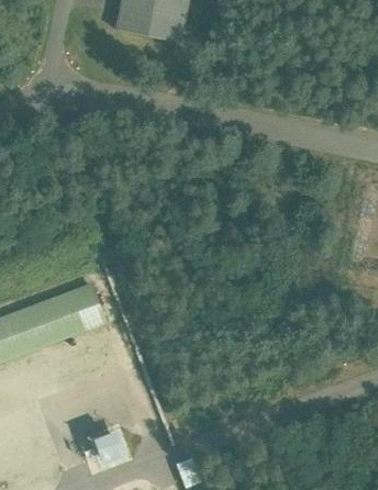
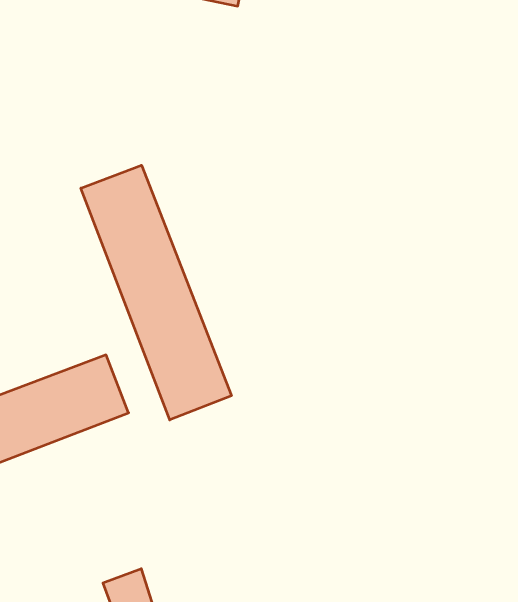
building: none -> [81,165,231,420]

